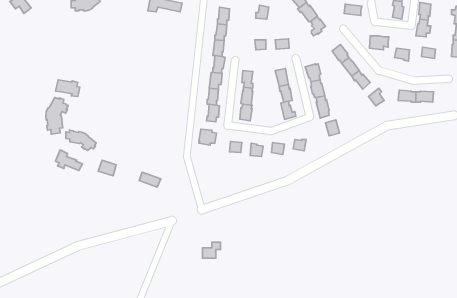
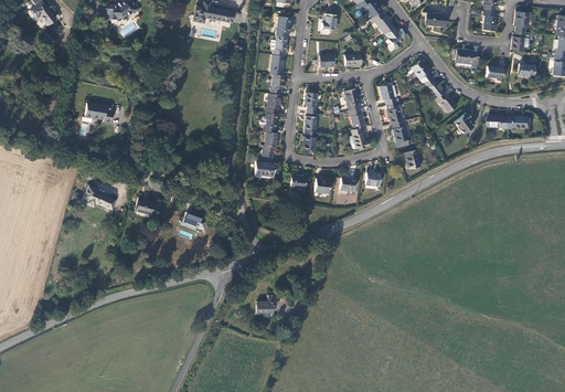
building: [46,97,68,134] -> none
building: [66,130,96,150] -> none

